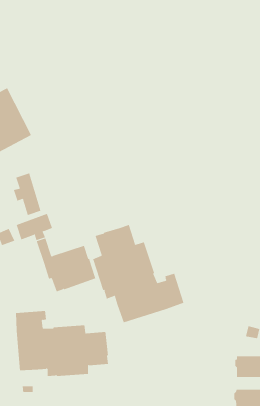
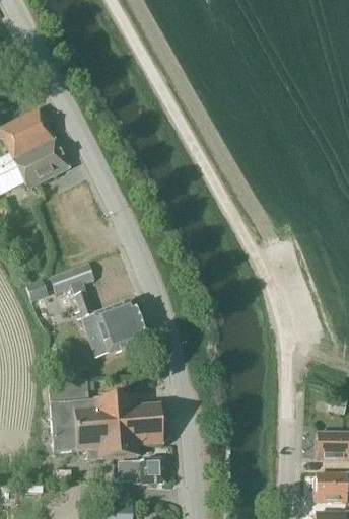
building: [13,173,41,216] -> none
building: [93,224,184,323] -> none
building: none -> [118,458,164,483]

